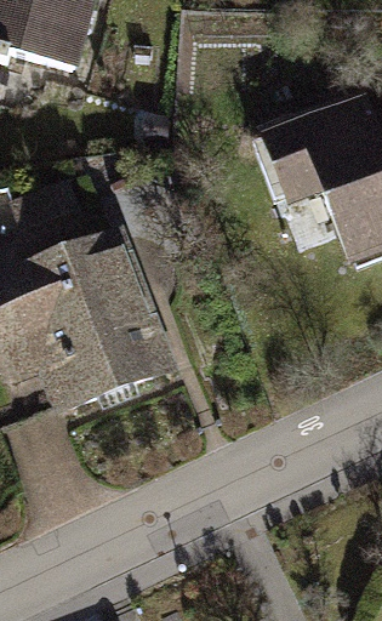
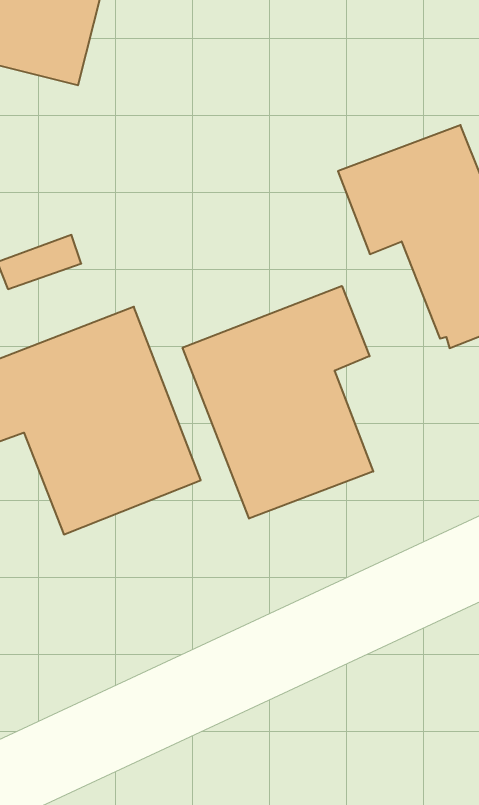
building: none -> [183,286,373,519]

